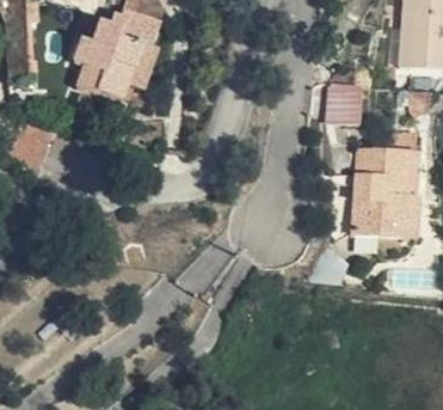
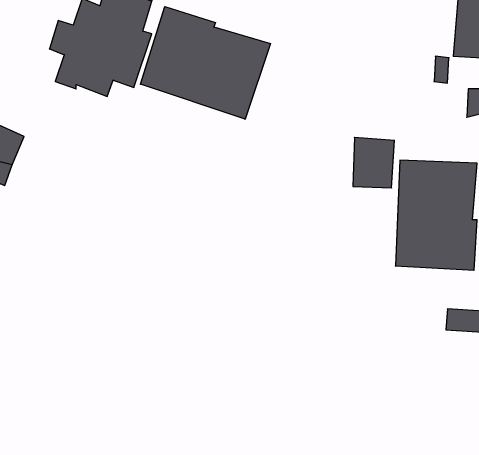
building: none -> [140,7,271,119]
building: [328,82,362,123] -> [353,137,394,188]

